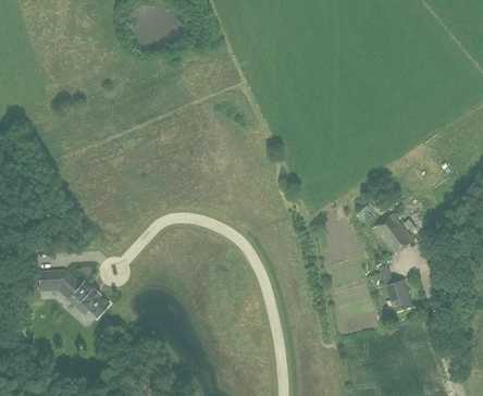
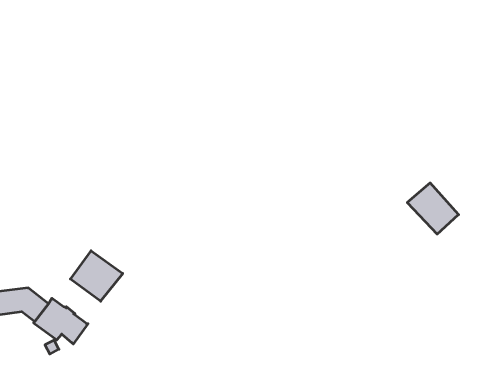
building: none -> [70,251,123,301]
building: [385,280,410,310] -> none

